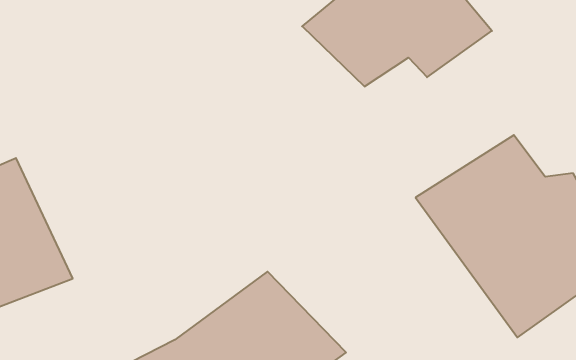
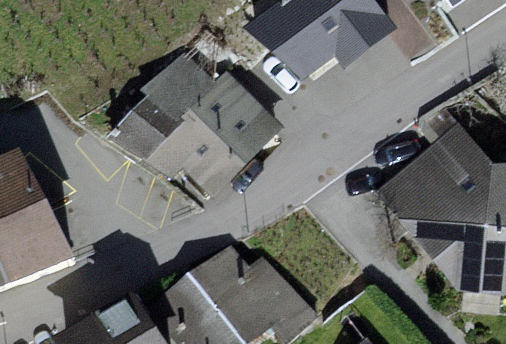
building: none -> [116,50,276,186]

